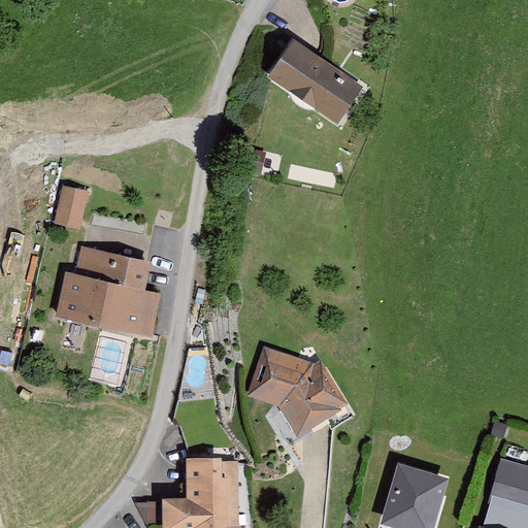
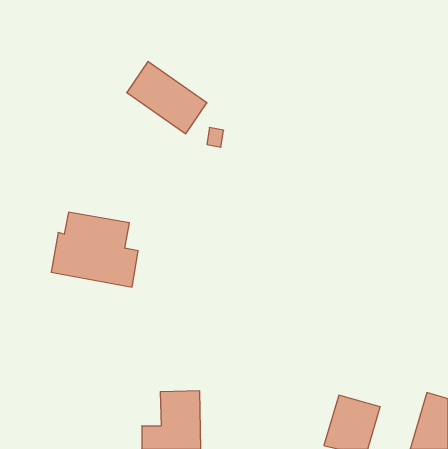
building: [266,39,360,124] -> [127,62,207,134]
building: [53,186,87,228] -> none
building: [252,348,349,436] -> none

